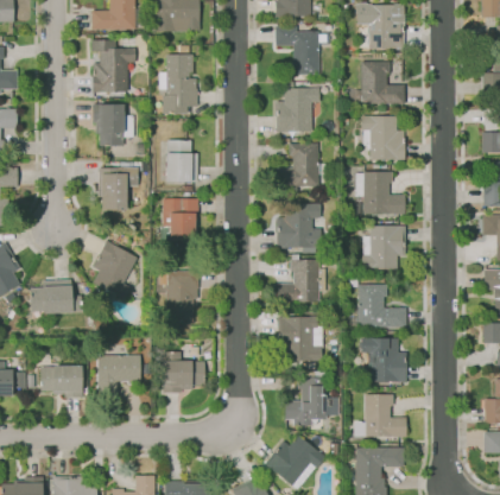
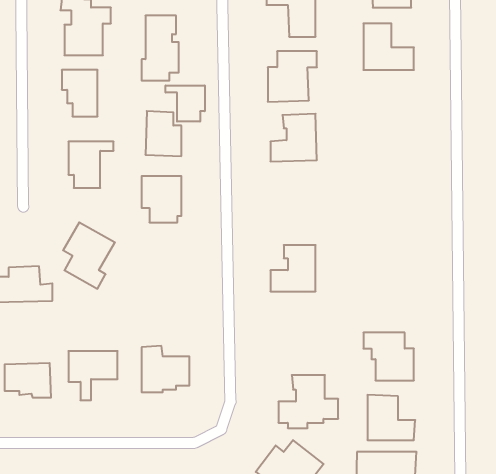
building: [361,115,405,159] -> none
building: none -> [166,85,205,122]
building: [363,172,405,212] -> none
building: [277,203,324,248] -> none
building: [362,226,405,269] -> none
building: [166,271,198,322] -> none
building: [359,284,406,326] -> none
building: [277,318,322,360] -> none

